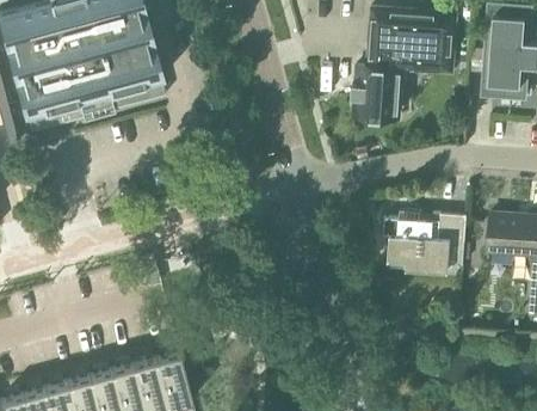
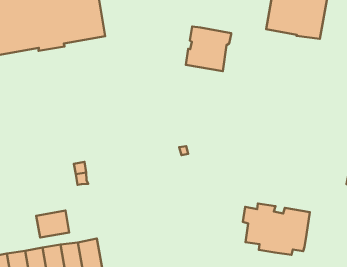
building: [353,67,407,119] -> [186,27,231,71]
building: [383,211,467,272] -> [243,203,310,255]
building: none -> [36,211,69,237]

